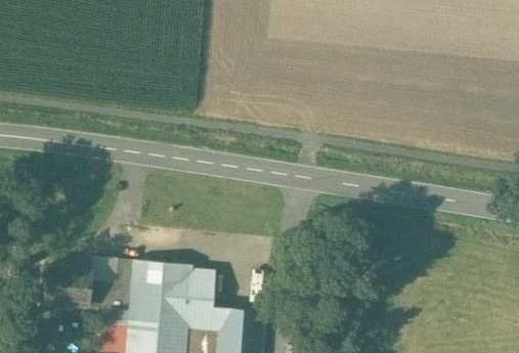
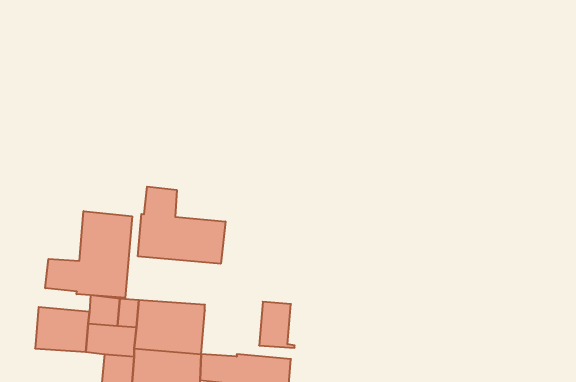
building: none -> [138,187,225,264]
building: none -> [45,211,132,298]
building: [189,270,220,310] -> [259,302,295,348]

